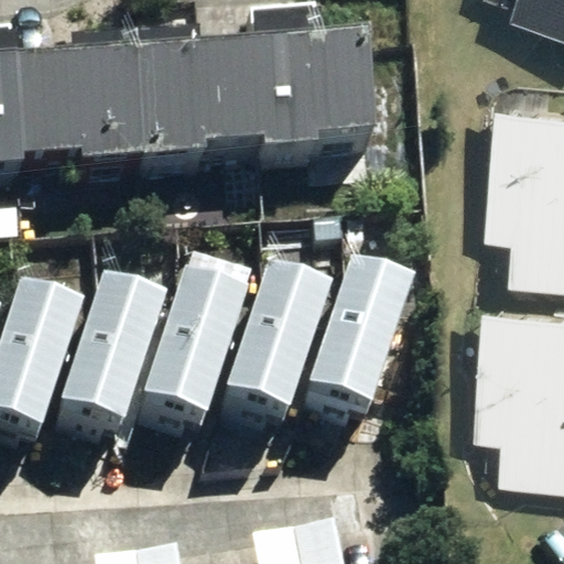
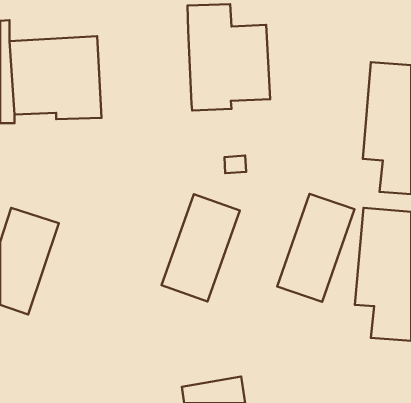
building: [133,42,262,161] -> none
building: [305,260,411,408] -> [277,194,355,302]
building: [140,271,242,416] -> none
building: [57,278,160,423] -> none

